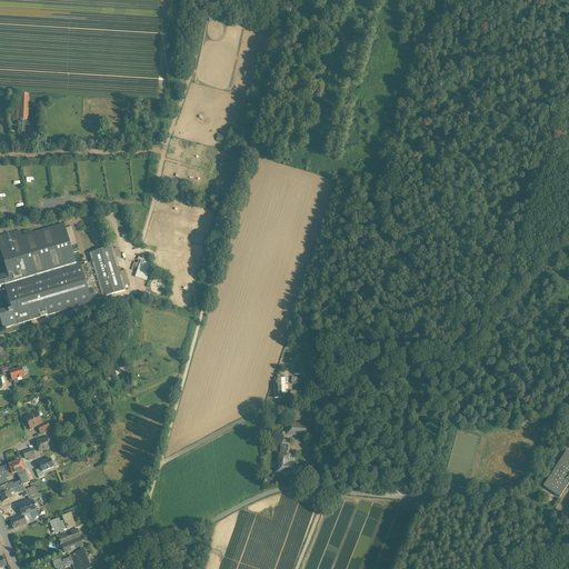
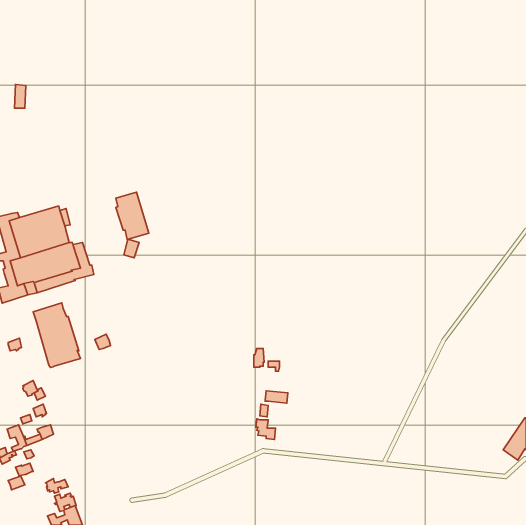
building: [89,244,124,296] -> [116,192,149,240]
building: none -> [33,303,81,367]

